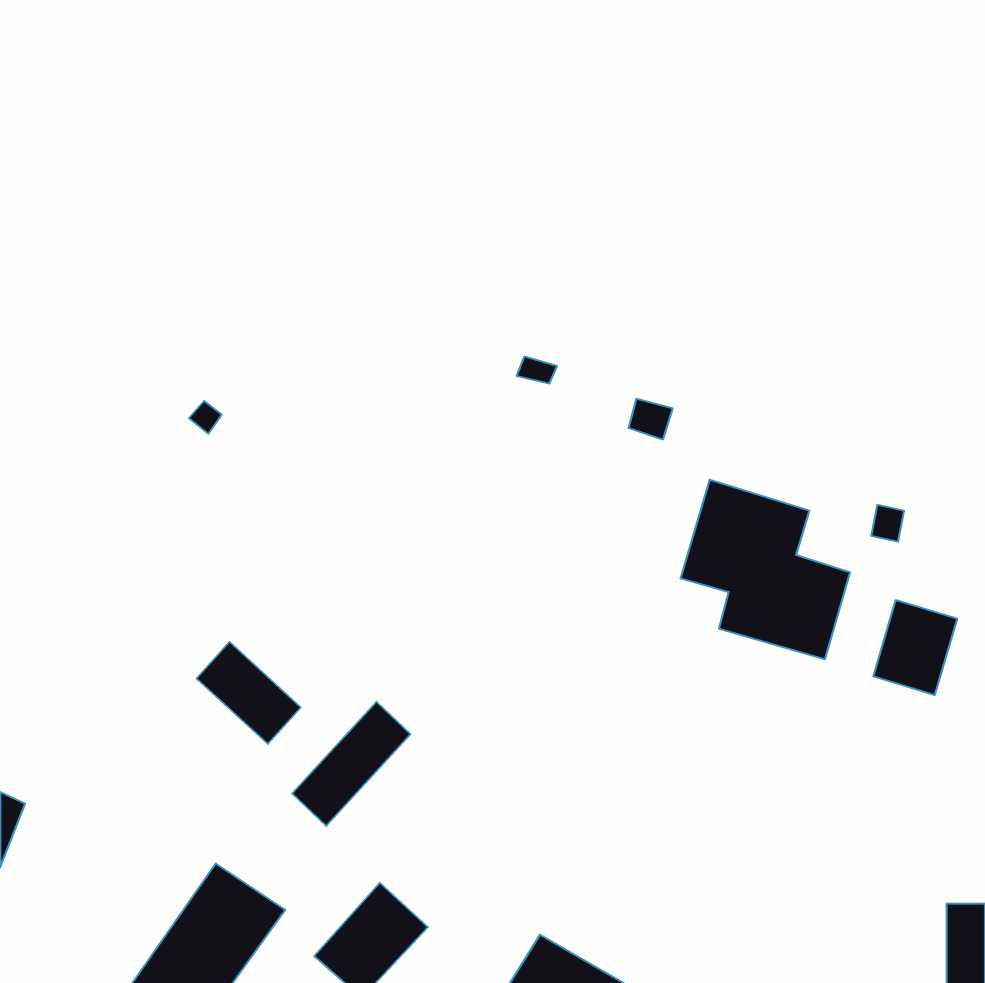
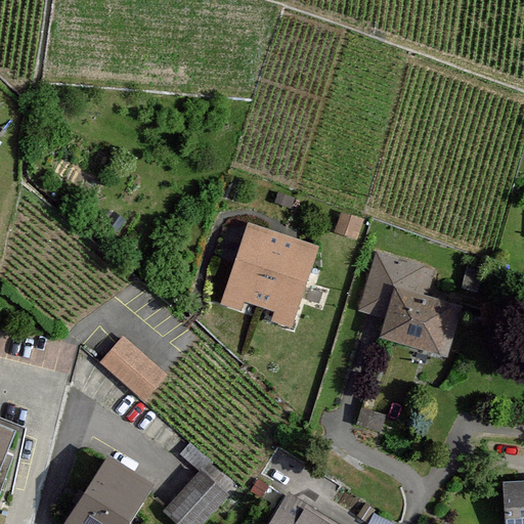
building: none -> [223,225,310,321]
building: [873,600,957,695] -> none
building: [292,702,410,826] -> none

